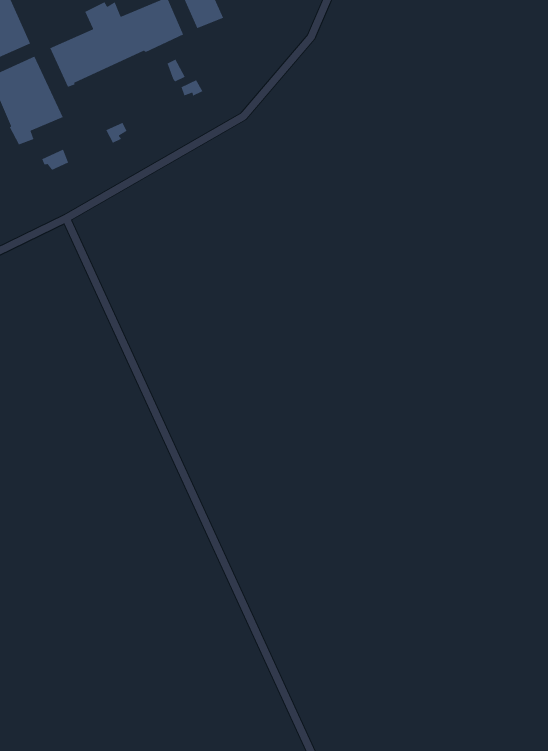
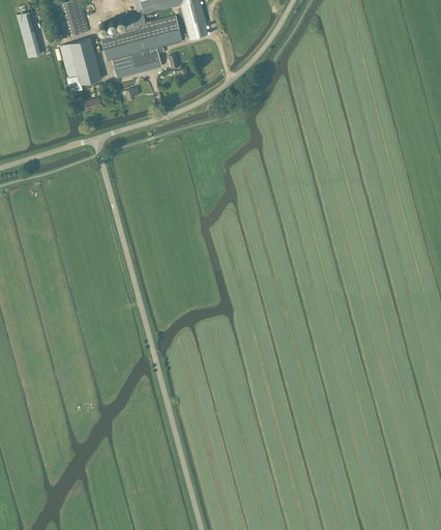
building: none -> [113,47,163,78]

